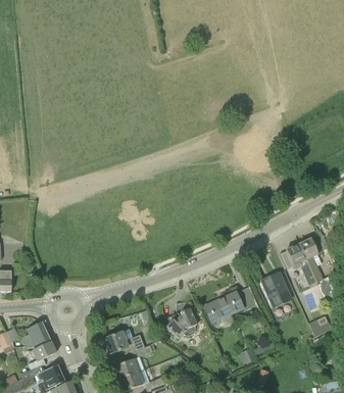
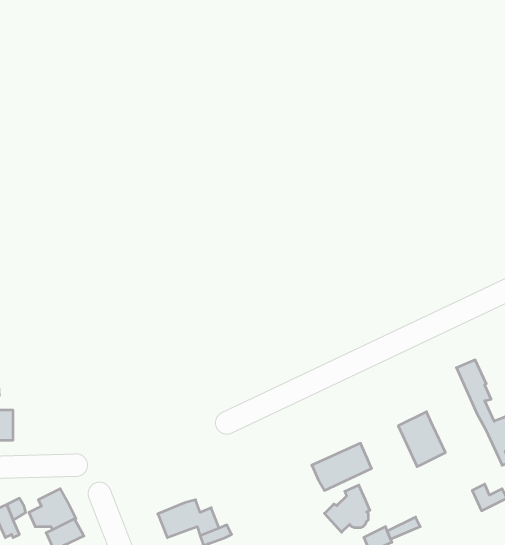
building: [279,243,317,287] -> none
building: [166,307,196,338] -> [324,485,370,532]

